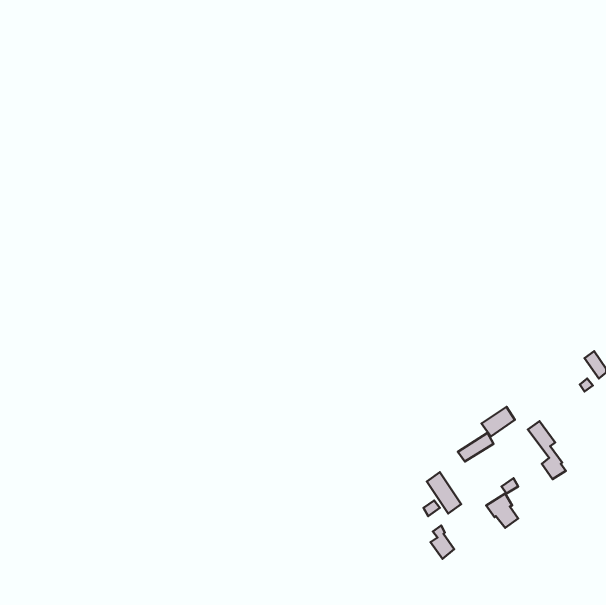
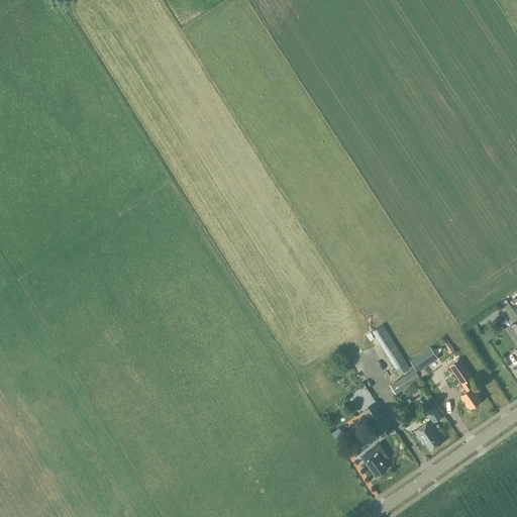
building: none -> [373,324,410,375]

